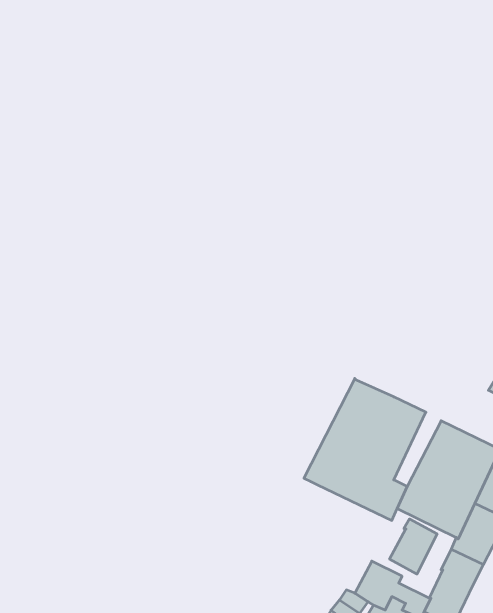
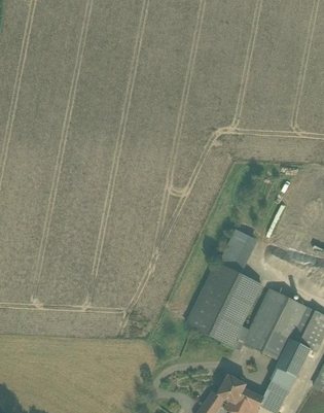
building: none -> [218,229,257,274]
building: [390,519,437,574] -> none

